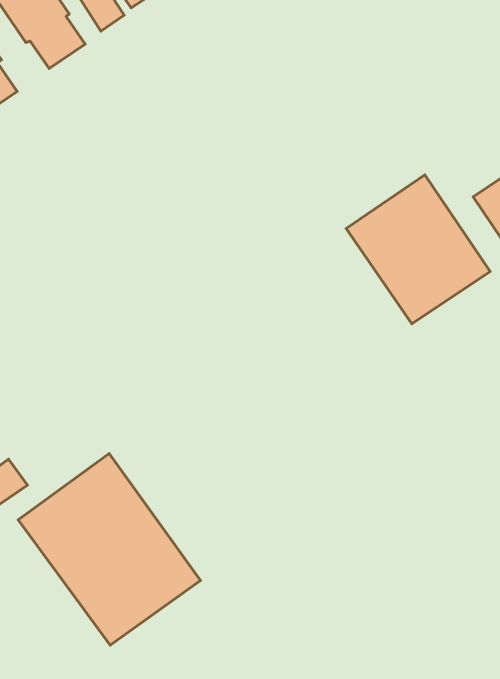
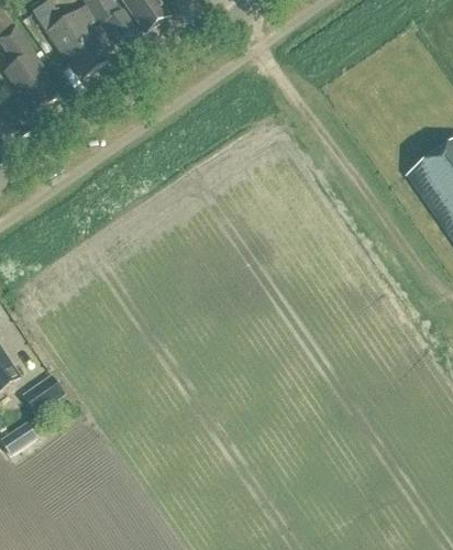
building: [346,175,490,324] -> none
building: [18,454,201,645] -> none

